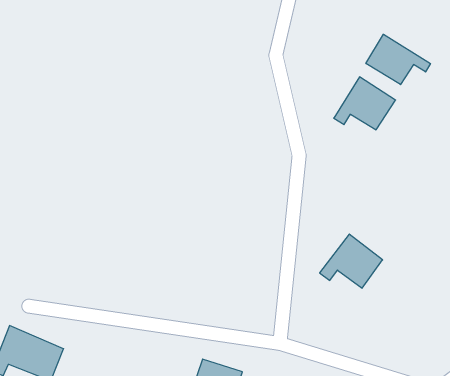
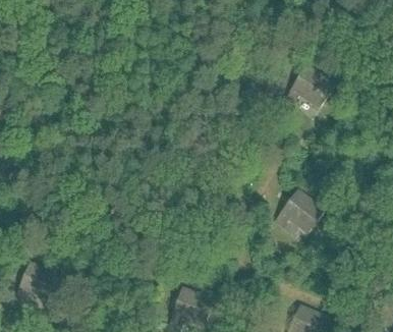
building: [366,34,430,85] -> none

